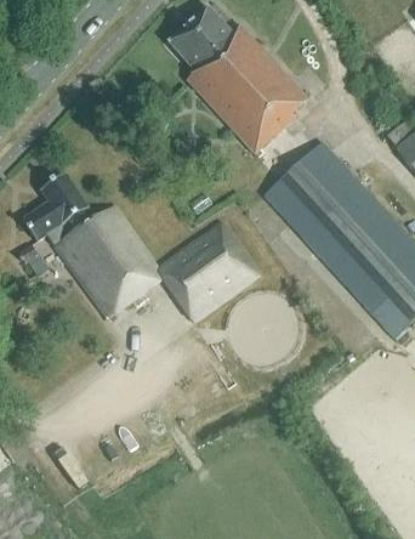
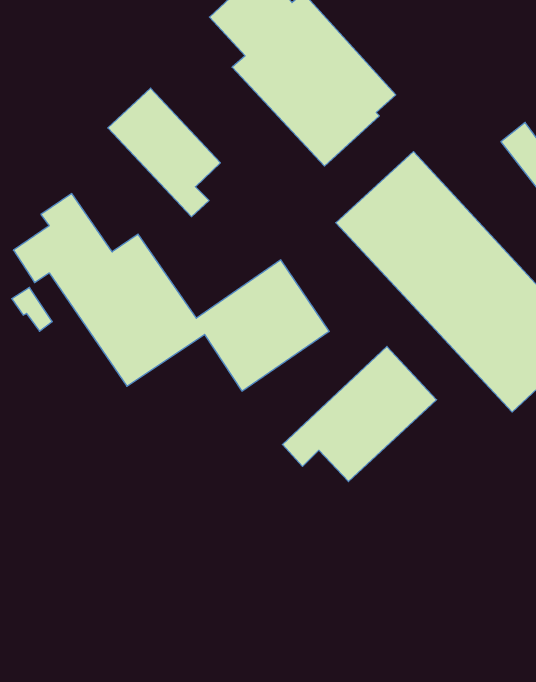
building: none -> [108,88,220,217]
building: none -> [282,346,437,482]

